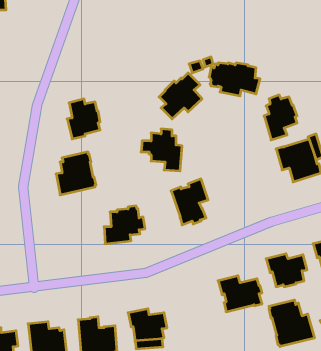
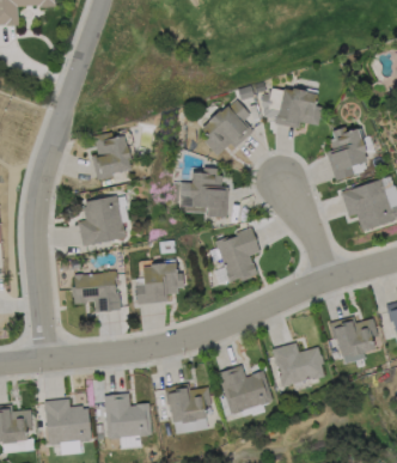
building: none -> [71,270,120,312]
building: none -> [218,365,273,414]
building: [269,300,314,347] -> none

